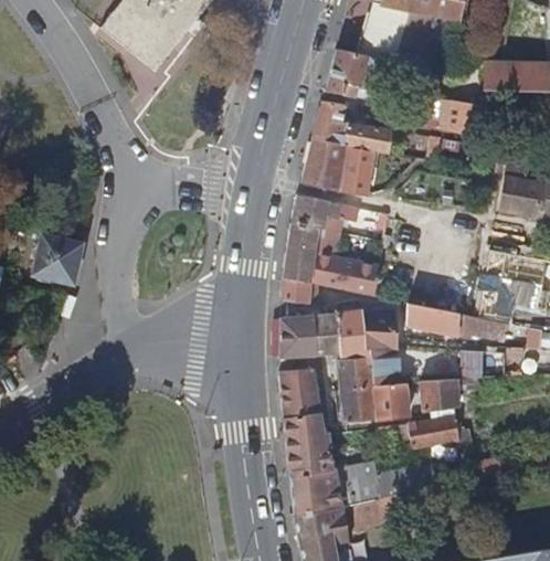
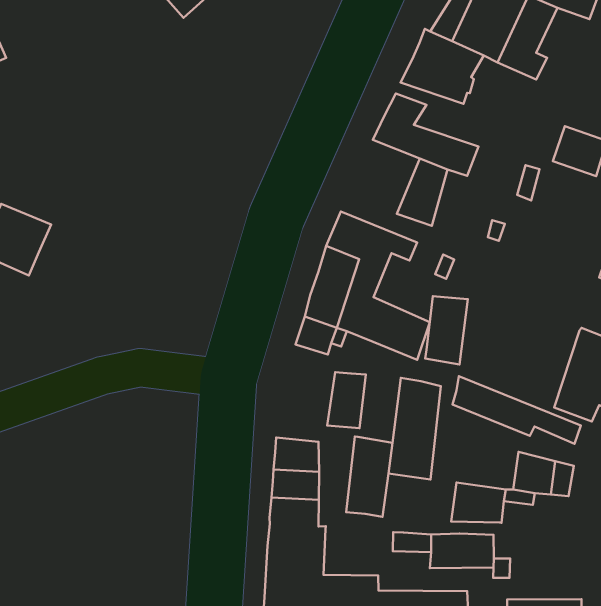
building: [300,138,349,191] -> none
building: [337,311,366,361] -> [425,296,468,365]
building: [278,316,315,359] -> none
building: [367,382,405,417] -> none

